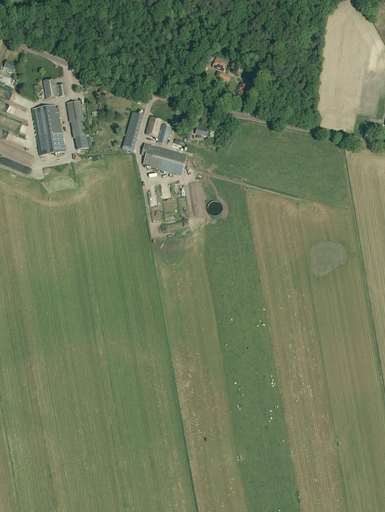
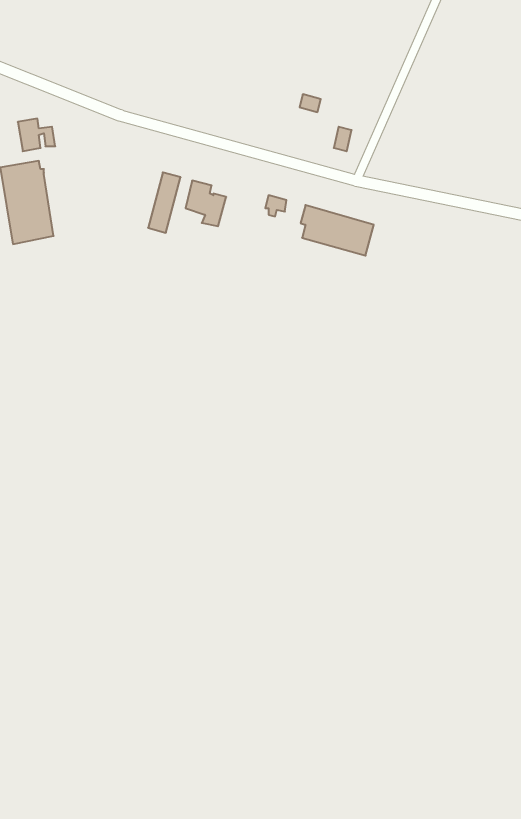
building: [66,100,89,150] -> none
building: [142,143,187,174] -> [301,205,374,256]

